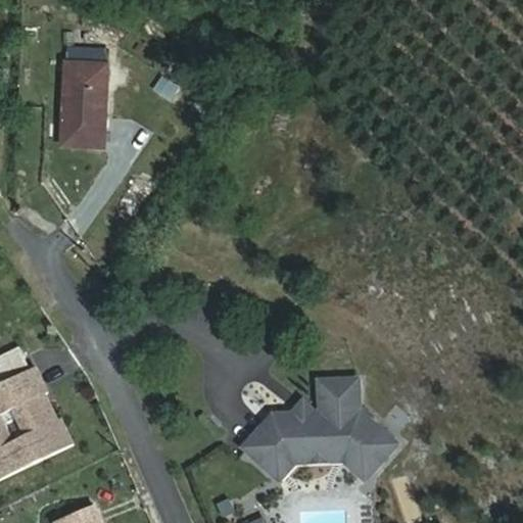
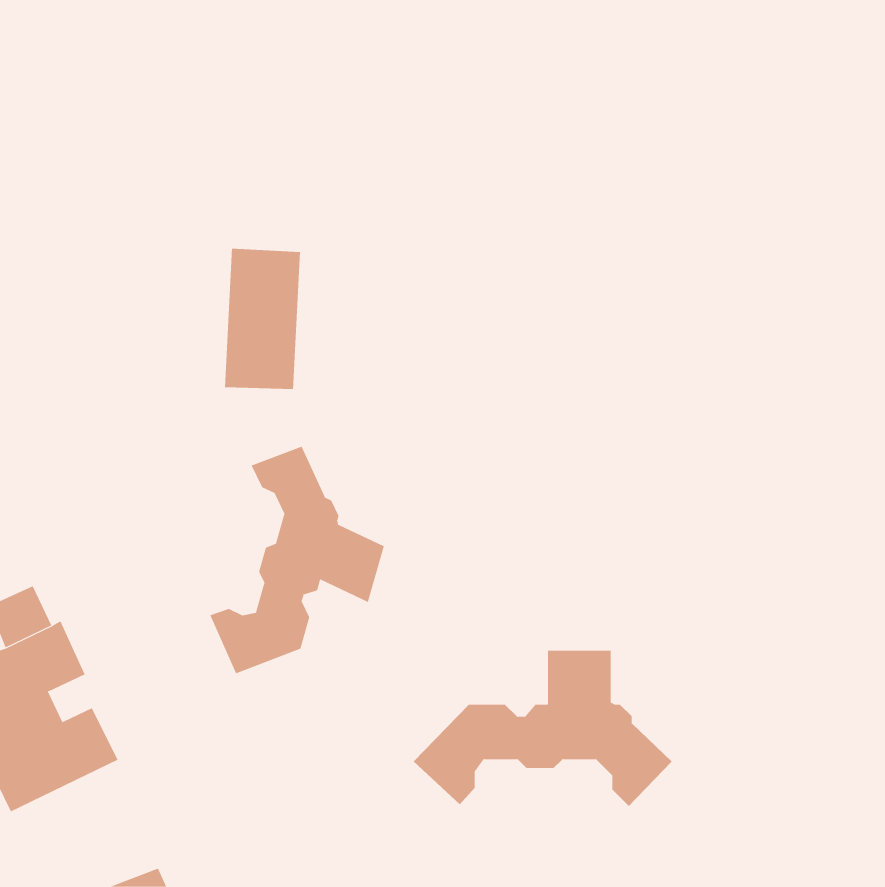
building: [61,63,106,146] -> [224,248,301,389]
building: none -> [210,446,384,674]

